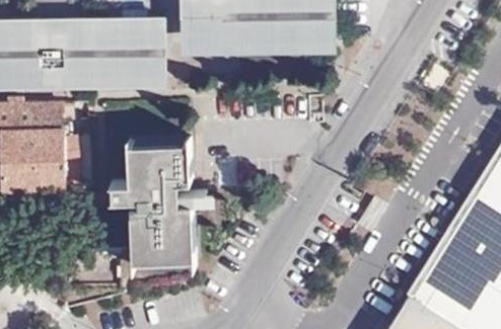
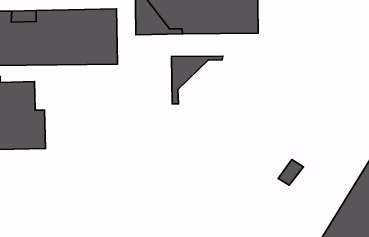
building: none -> [171,56,223,104]
building: [116,143,207,263] -> none

